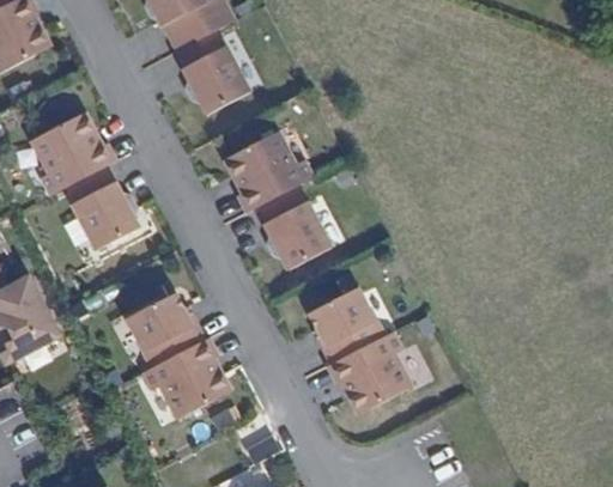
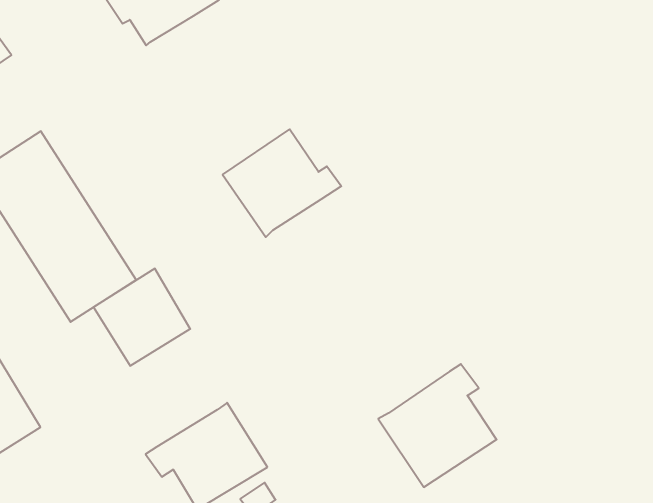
building: [175,29,250,114] -> none
building: [255,183,333,272] -> none
building: [306,281,382,357] -> none
building: [122,290,196,364] -> [93,269,190,366]

